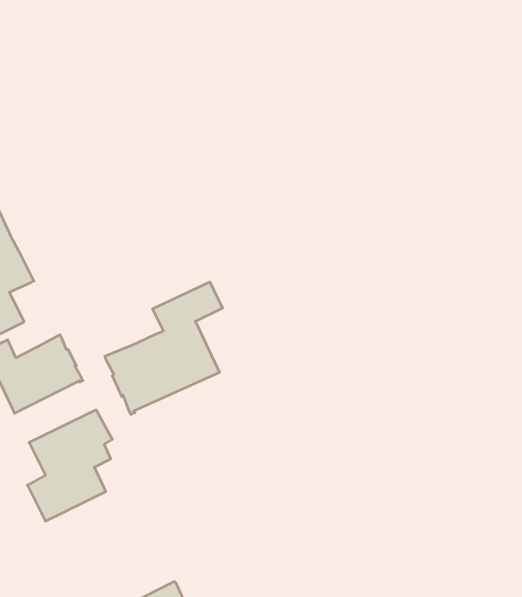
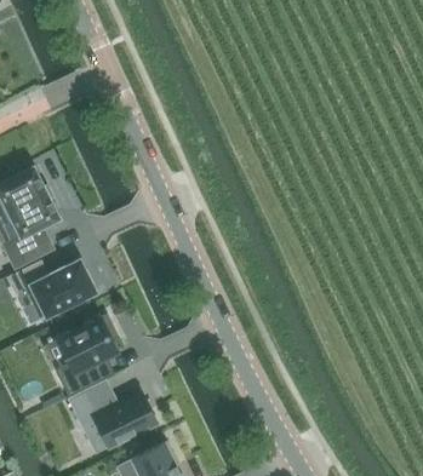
building: [105,282,223,414] -> none
building: none -> [65,380,155,449]

